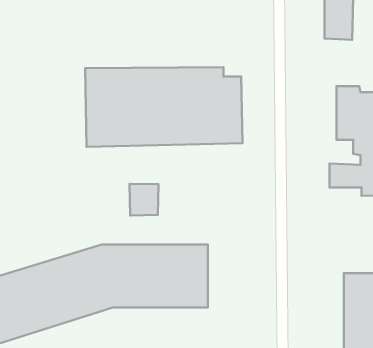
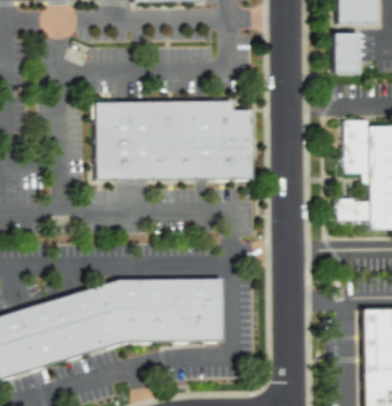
building: [130,184,158,215] -> none

